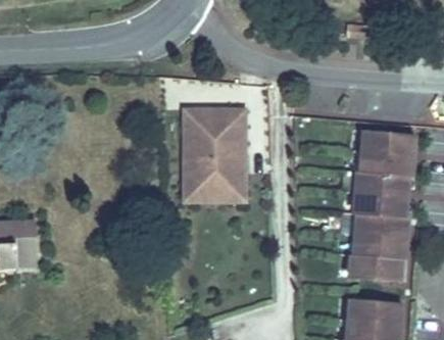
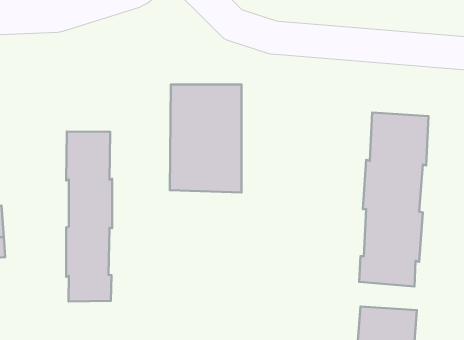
building: none -> [66,131,112,302]

